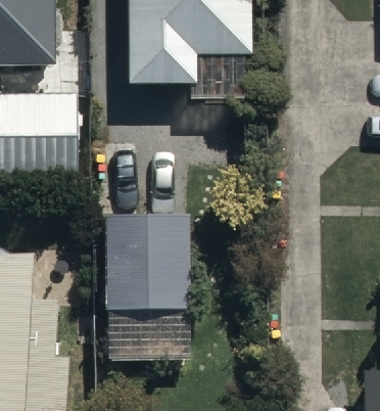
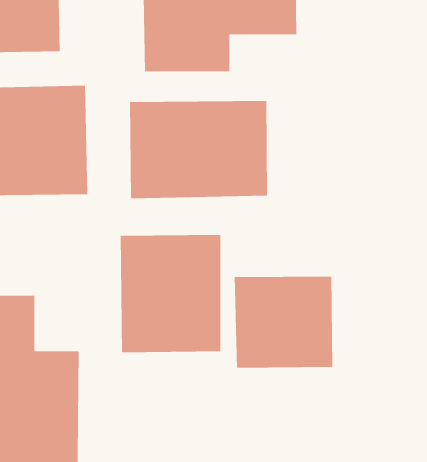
building: none -> [129,100,268,199]
building: none -> [234,276,333,368]

